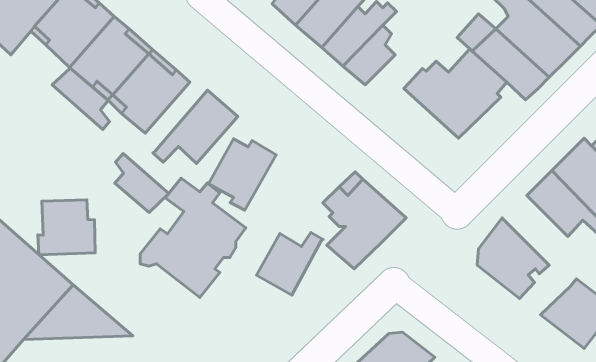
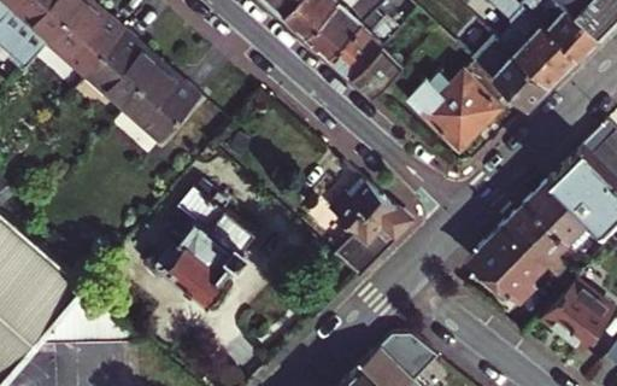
building: [52,68,110,129] -> none
building: [153,90,238,164] -> none
building: [208,139,276,210] -> none
building: [115,153,169,212] -> none
building: none -> [505,203,568,279]
building: [38,200,95,255] -> none
building: [256,232,323,295] -> none

